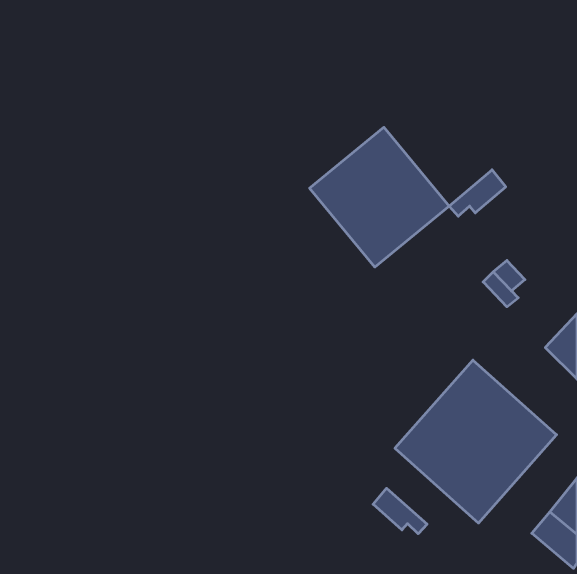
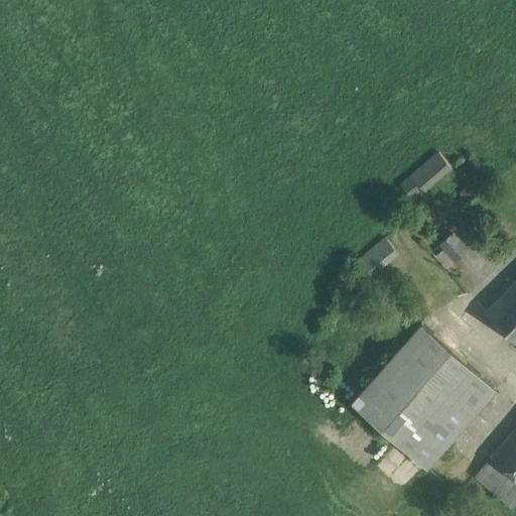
building: [310,127,449,267] -> none
building: none -> [357,240,398,278]
building: [373,488,427,534] -> none

